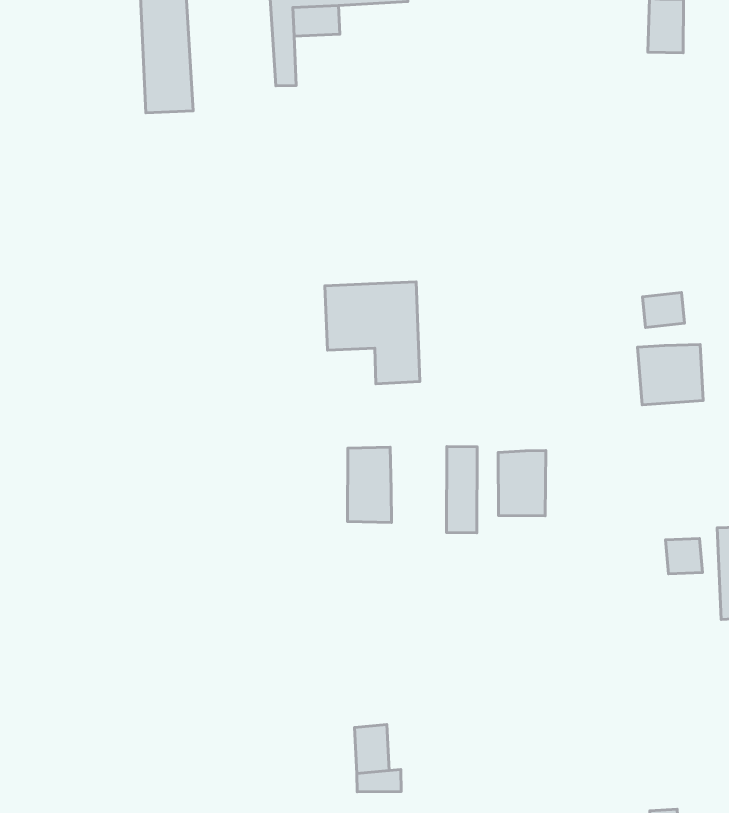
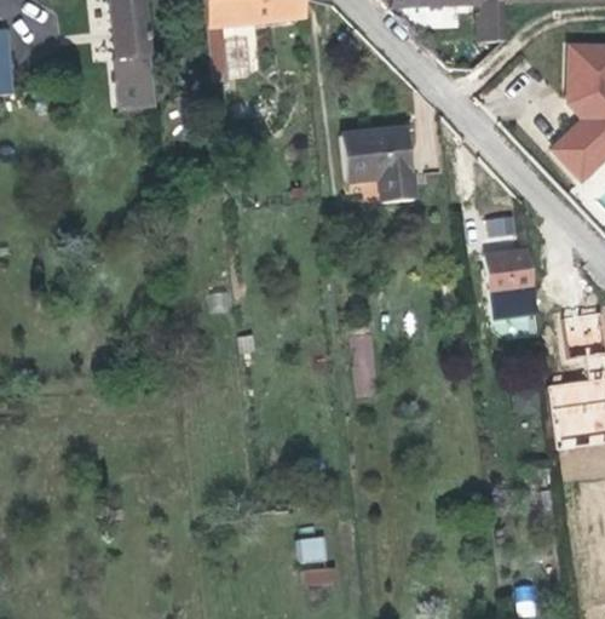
building: [325,282,420,384] -> [341,127,414,202]
building: [348,447,391,522] -> none
building: [498,451,546,516] -> none

